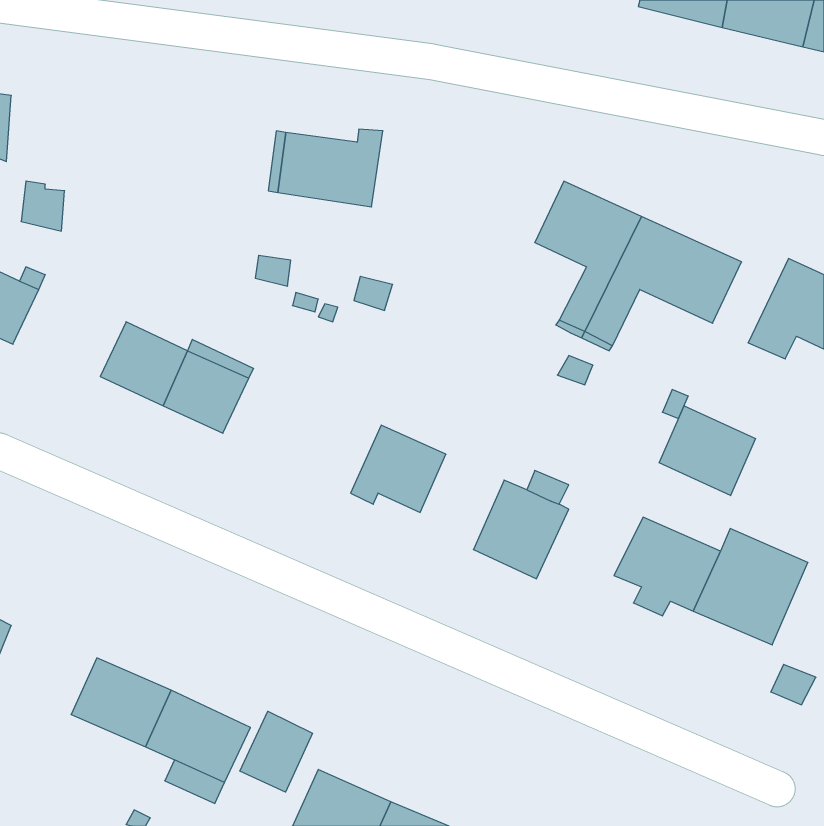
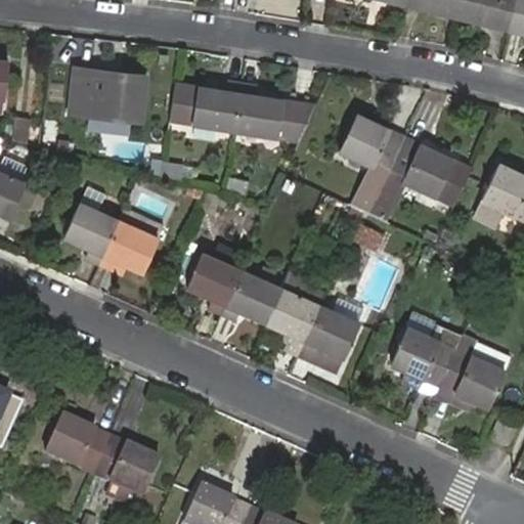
building: none -> [70,69,144,122]
building: none -> [235,83,316,142]
building: none -> [187,252,242,312]
building: [659,406,756,496] -> none
building: none -> [266,288,319,348]
building: [240,711,313,792] -> none

